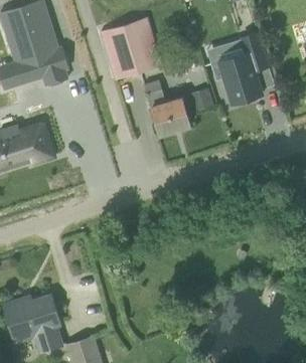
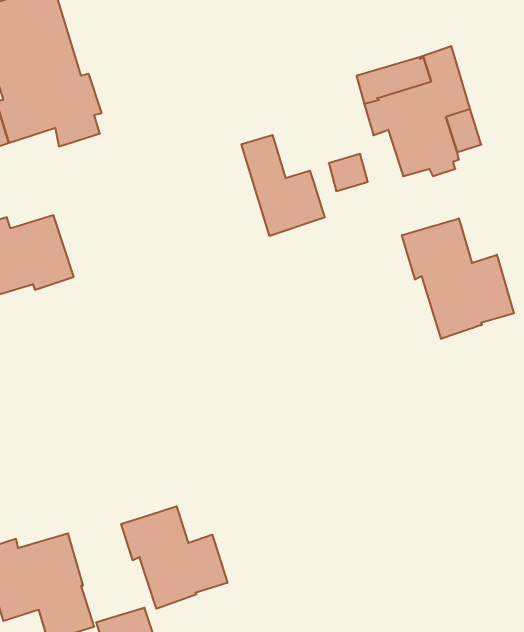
building: [100,17,163,80] -> none
building: none -> [402,218,514,339]
building: none -> [121,506,227,609]

